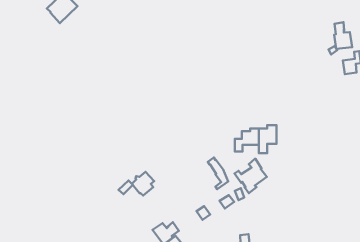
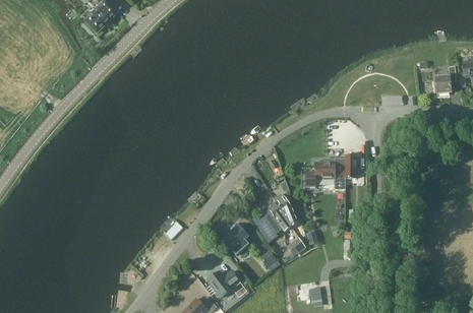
building: [334,22,352,49] -> none
building: [234,159,267,193] -> [251,201,290,242]
building: [132,172,154,196] -> [223,225,249,253]

